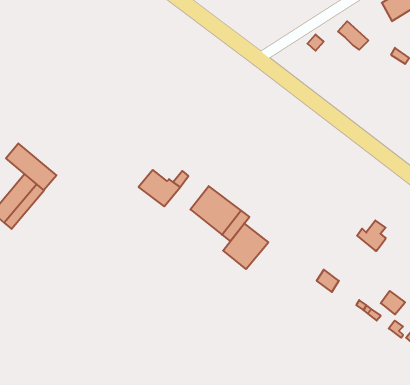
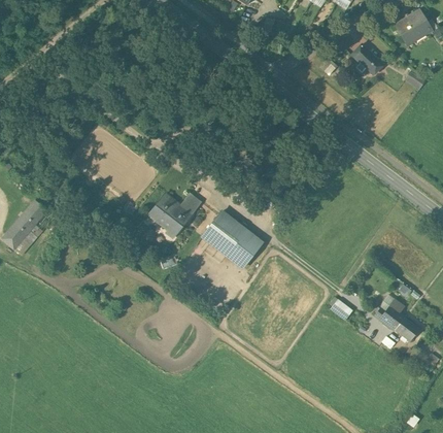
building: [6,143,56,190] -> none
building: [357,220,386,251] -> [375,299,404,330]
building: [223,223,268,269] -> none

